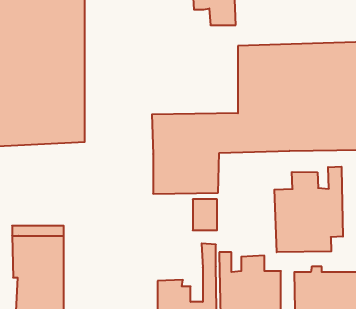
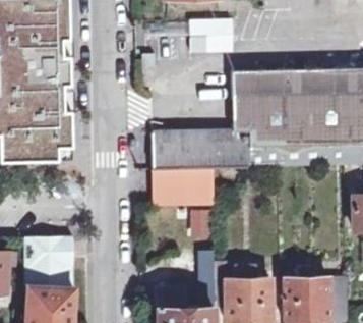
building: [274,167,343,252] -> none

